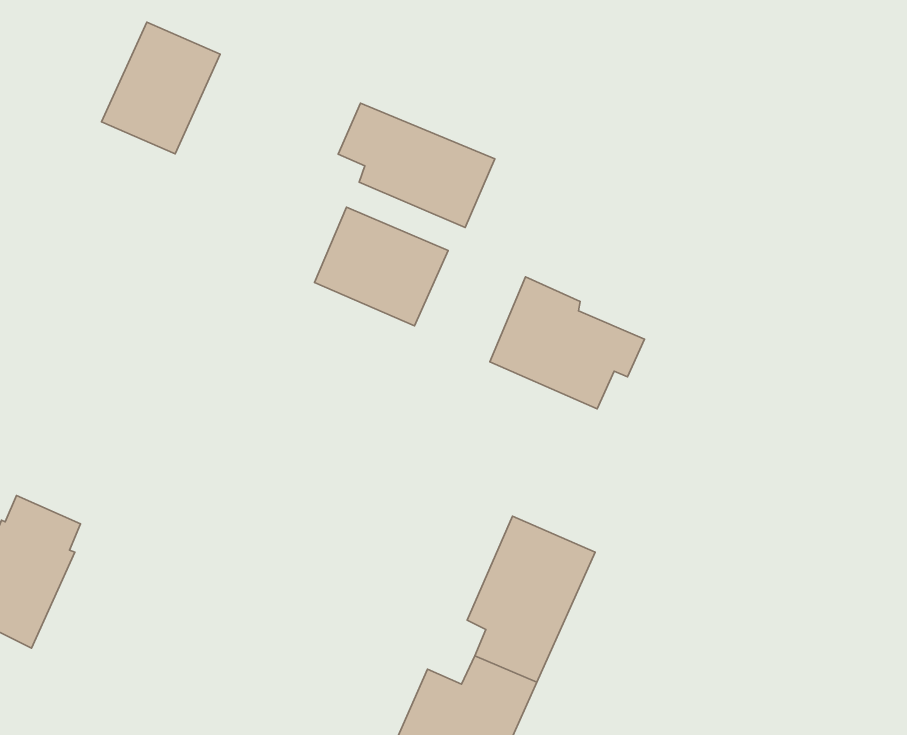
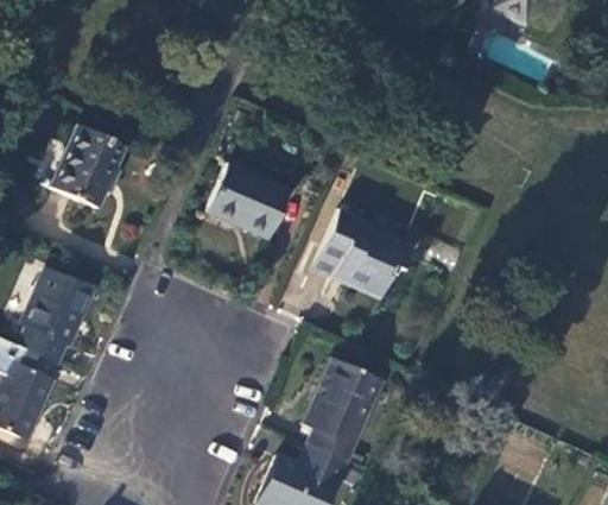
building: [102,22,220,154] -> [50,126,125,209]
building: [338,103,495,227] -> none
building: none -> [18,269,94,364]

